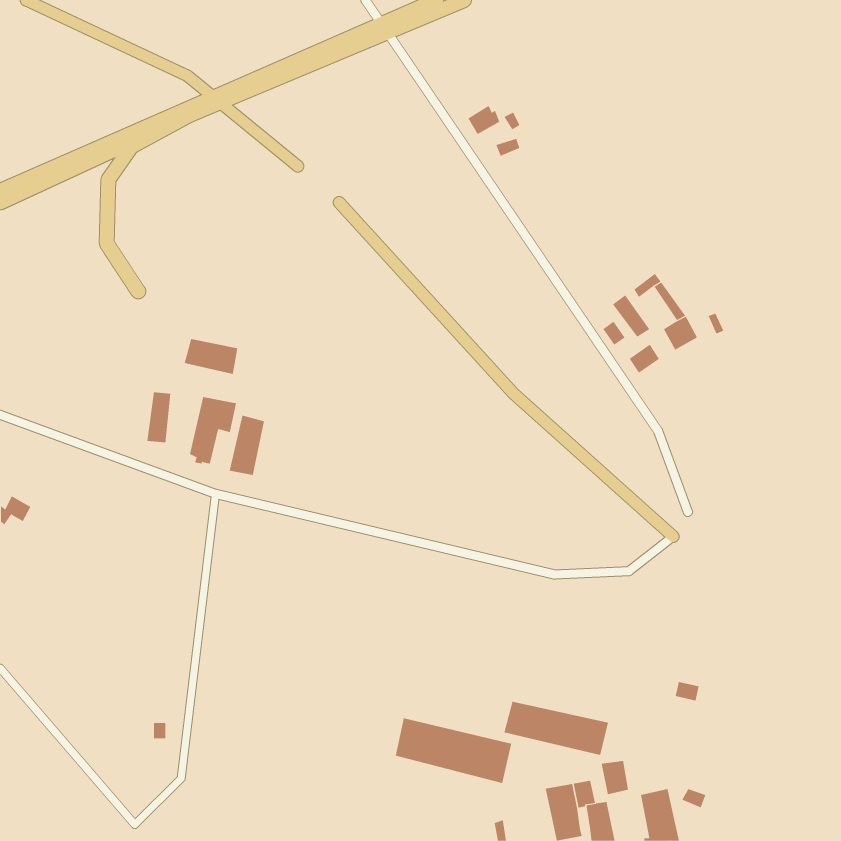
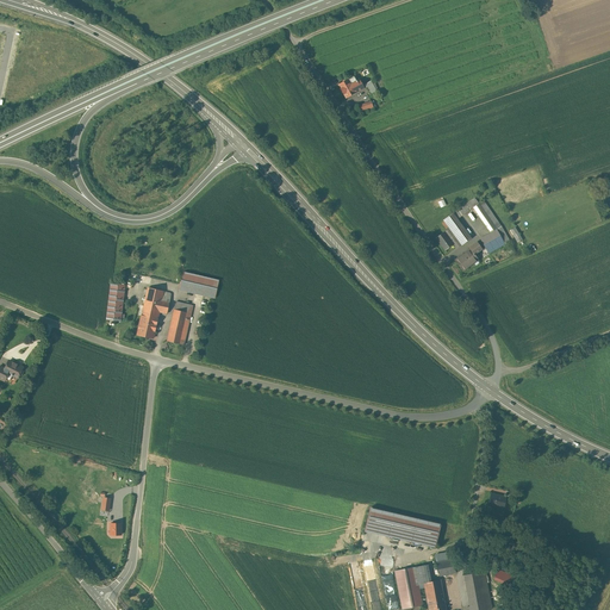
building: [184,338,238,375] -> [179,272,218,298]
building: [395,717,512,784] -> none

